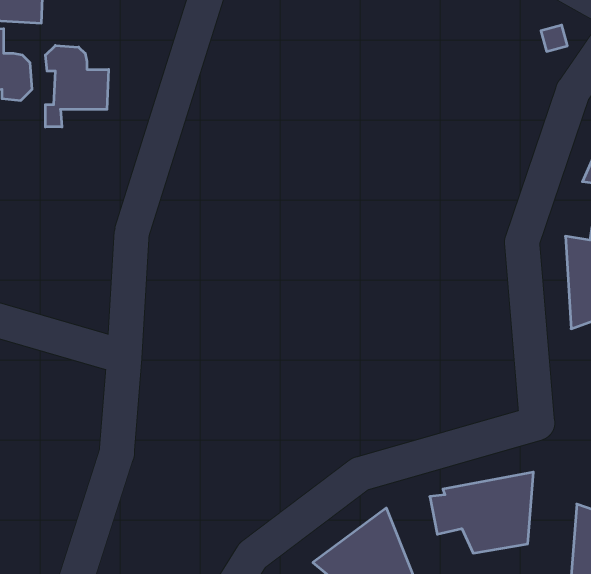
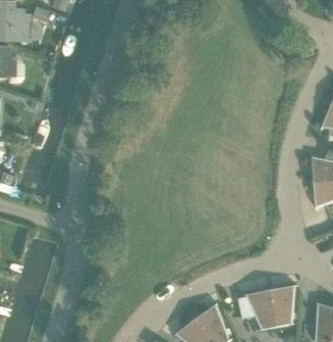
building: [45,45,109,127] -> none

